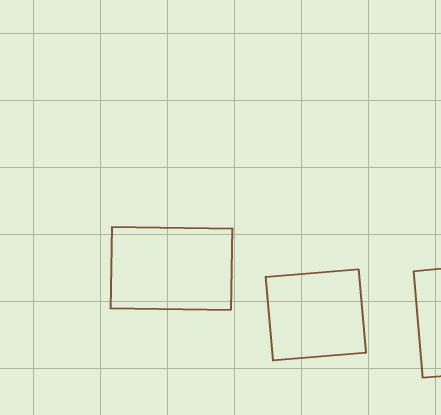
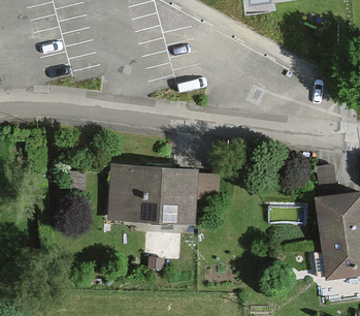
building: [266,269,366,361] -> none

